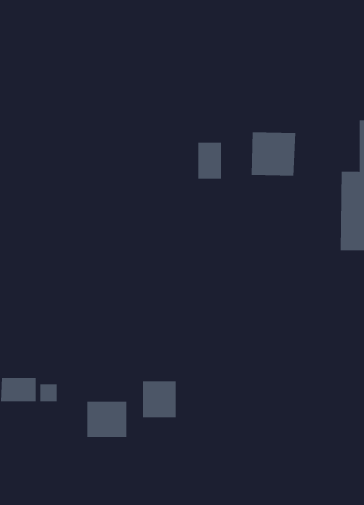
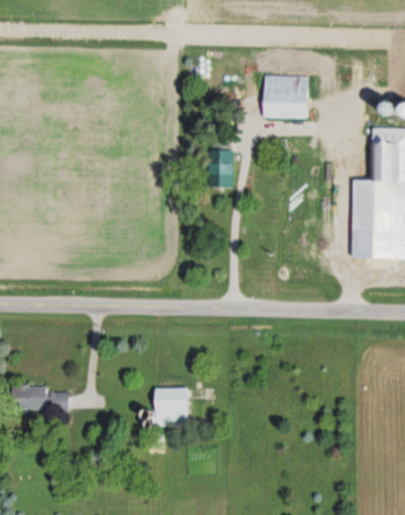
building: [251,132,296,176] -> [263,74,308,118]
building: [87,401,127,438] -> none

